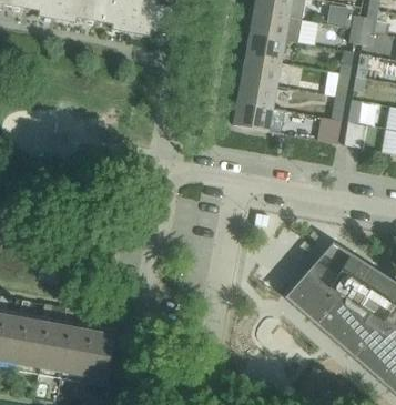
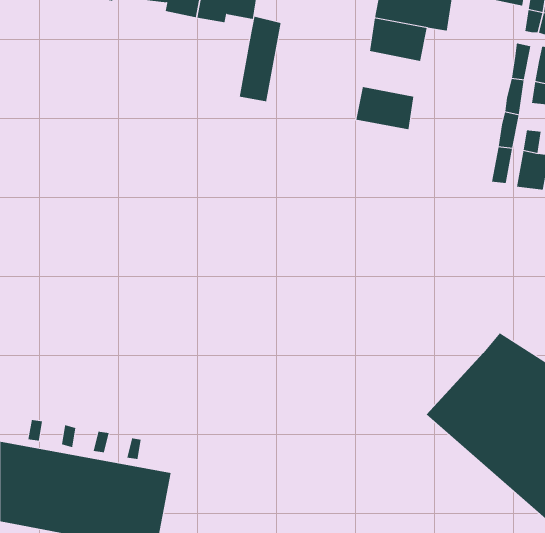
building: none -> [239,16,281,102]
building: [241,54,280,84] -> none
building: [232,100,284,132] -> none

